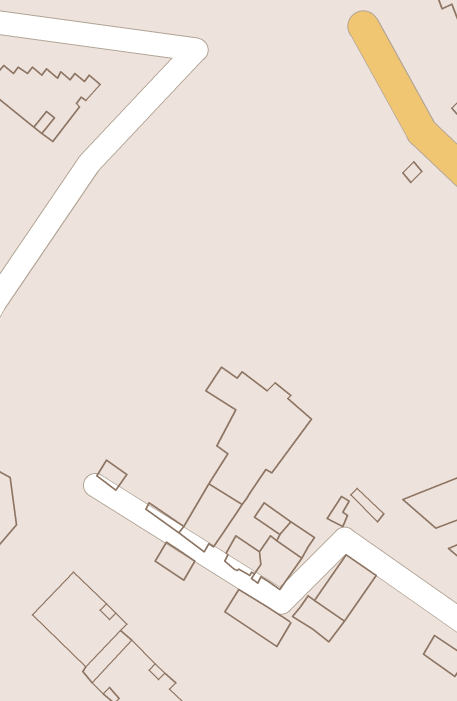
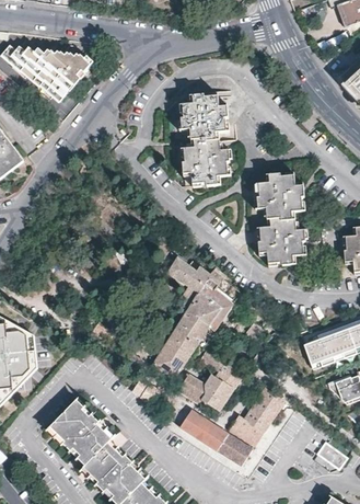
building: none -> [181,94,229,184]
building: none -> [258,172,304,263]
building: none -> [216,433,249,465]

